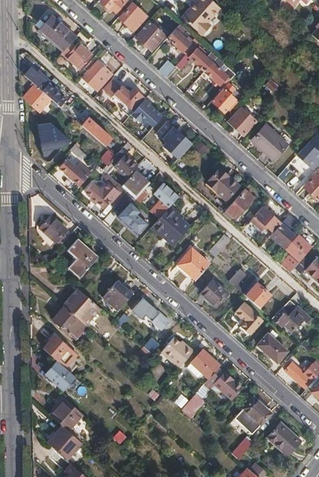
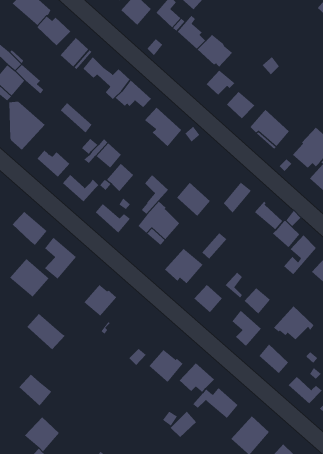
building: [208,168,239,199] -> [176,182,211,217]
building: [63,289,99,324] -> [9,258,50,298]
building: [132,298,169,331] -> none
building: [43,335,76,367] -> none

